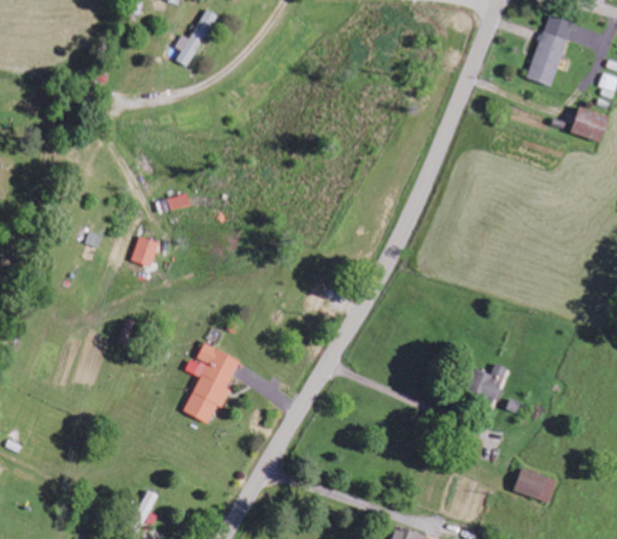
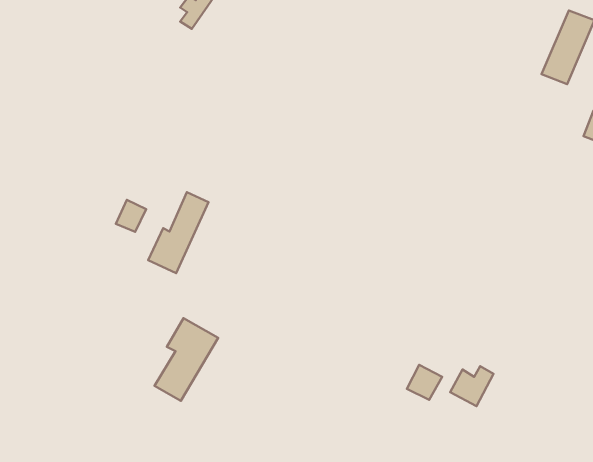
building: none -> [148,192,208,273]
building: none -> [407,365,442,400]

